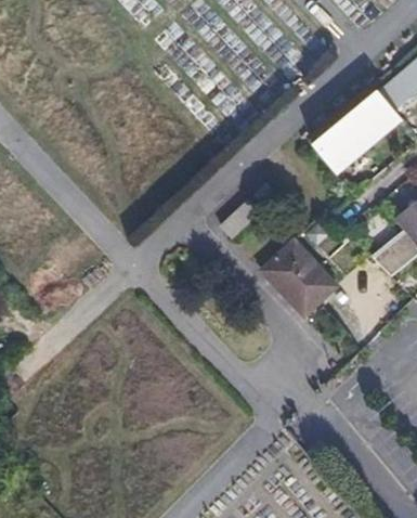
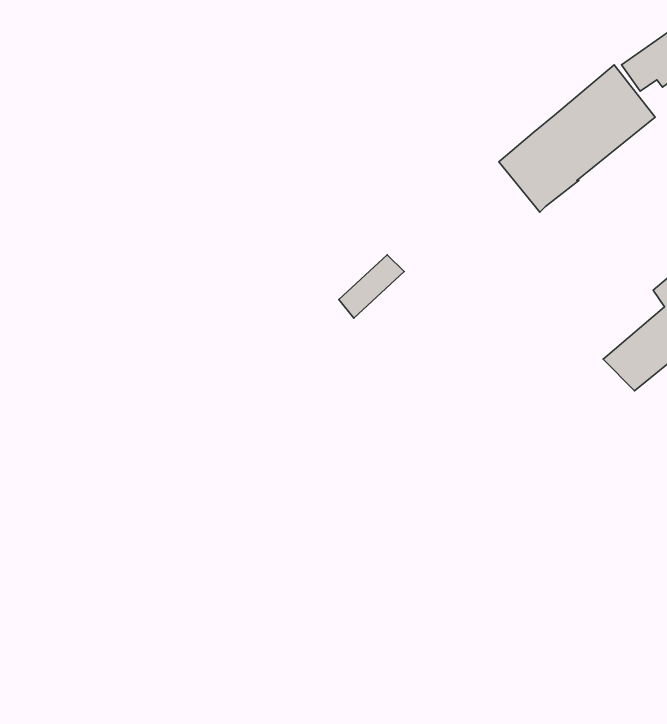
building: [259,237,334,313] -> none

